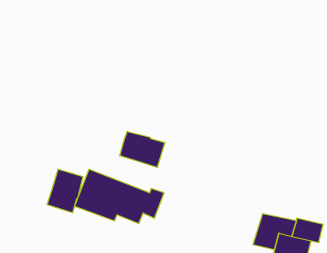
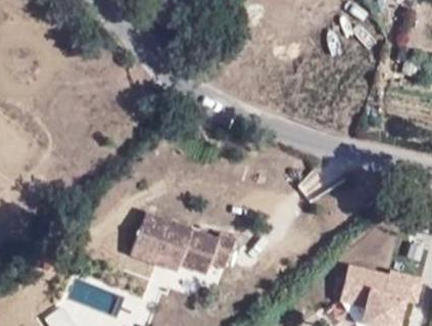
building: [120,131,165,168] -> none
building: [47,169,83,213] -> none

